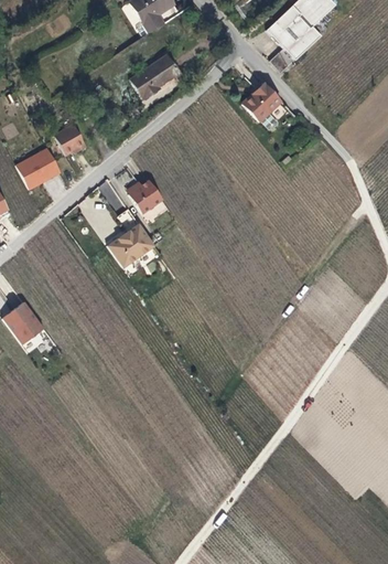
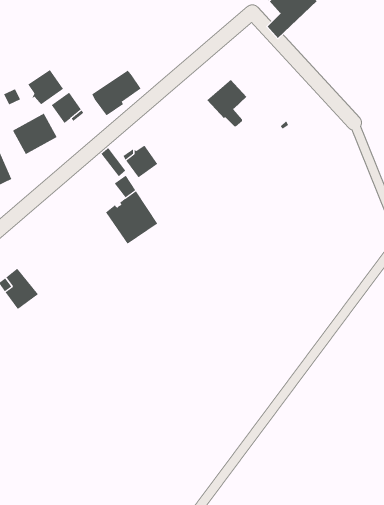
building: [129,54,179,100] -> [92,70,141,116]
building: [239,82,280,129] -> [206,79,247,127]
building: none -> [28,69,64,105]

